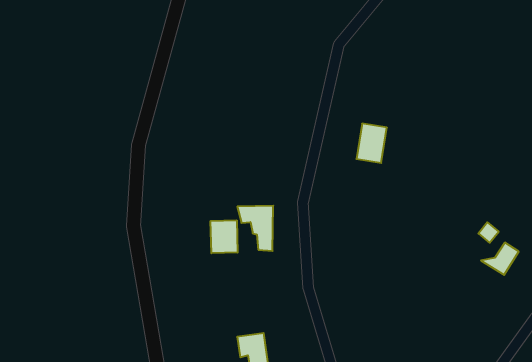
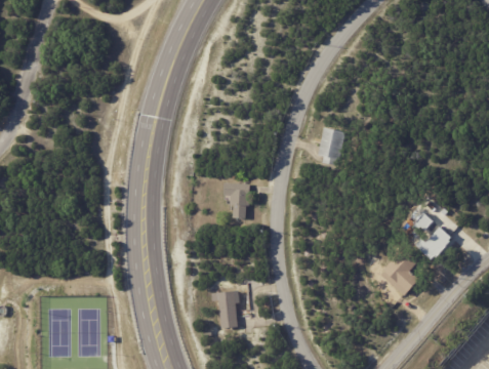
building: [211,220,238,253] -> none
building: none -> [379,245,422,299]

